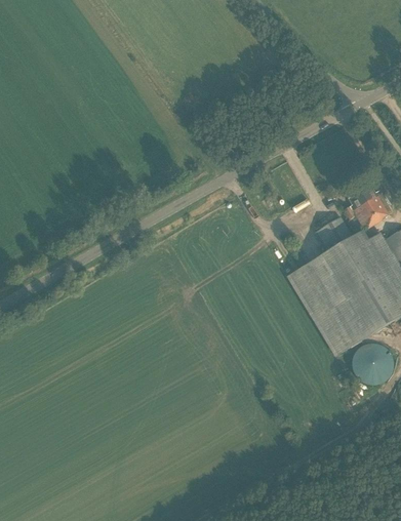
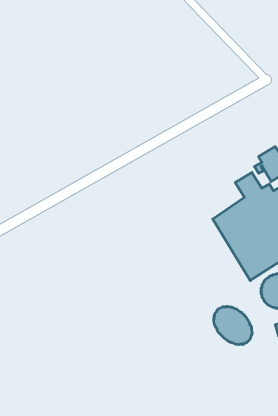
building: none -> [214,306,252,345]

